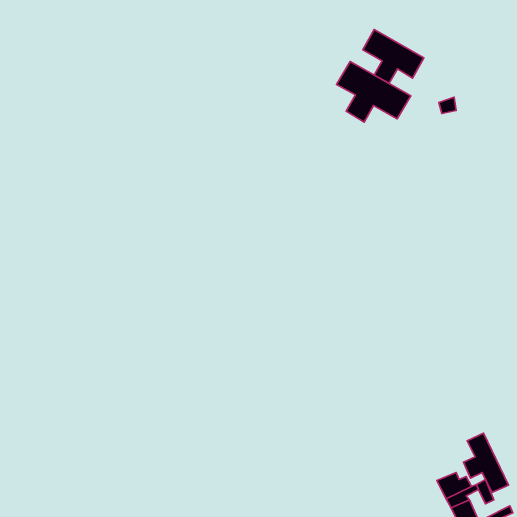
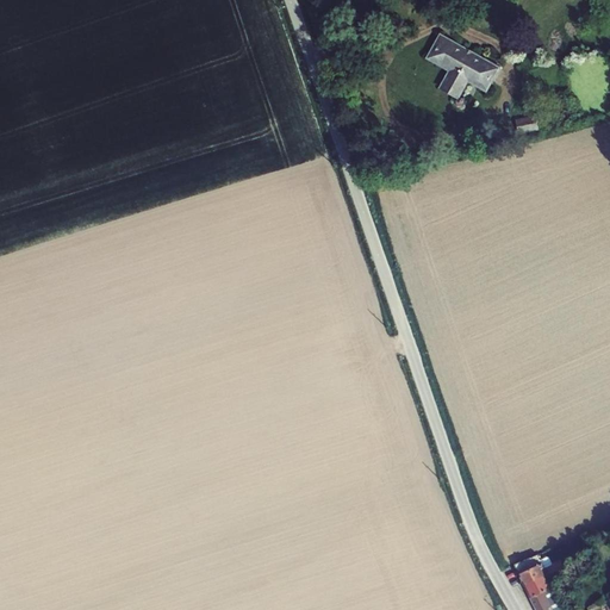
building: [337,61,411,122] -> none
building: [463,433,508,493] -> none

